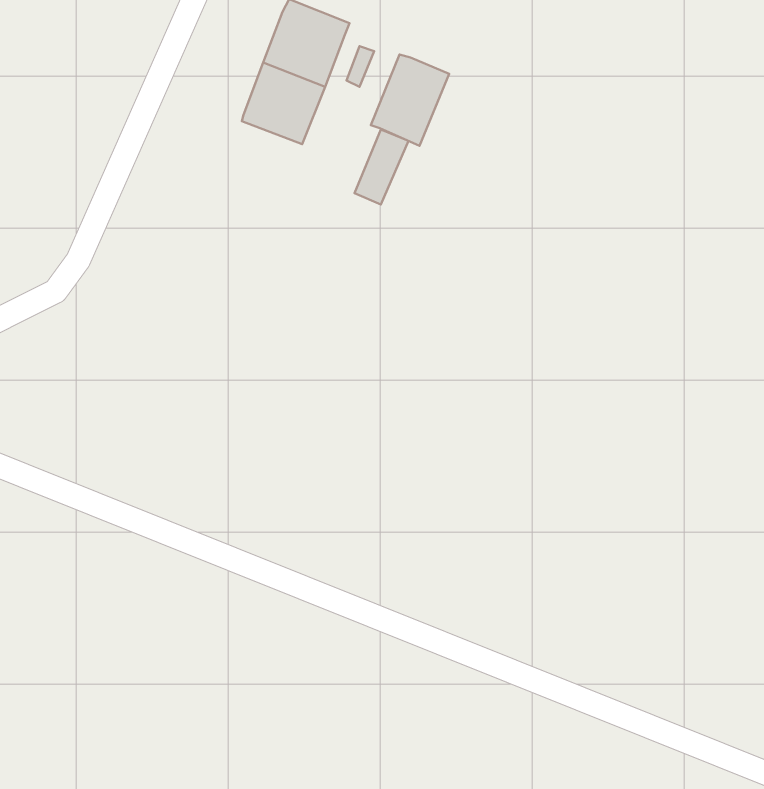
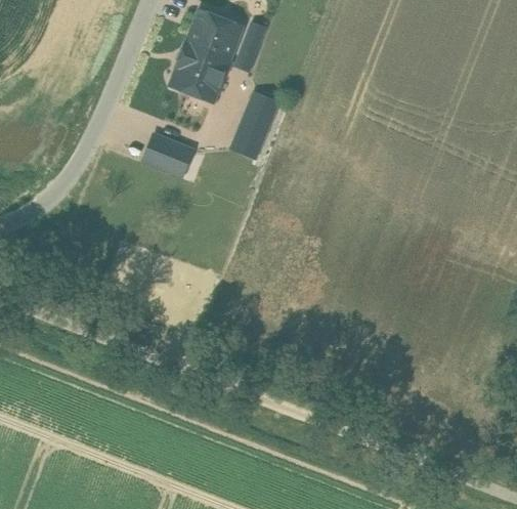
building: [371,55,449,146] -> none
building: none -> [137,128,193,177]

